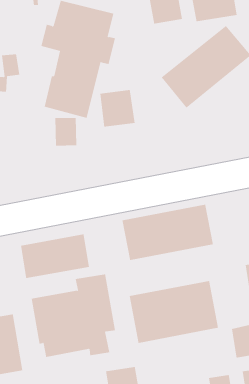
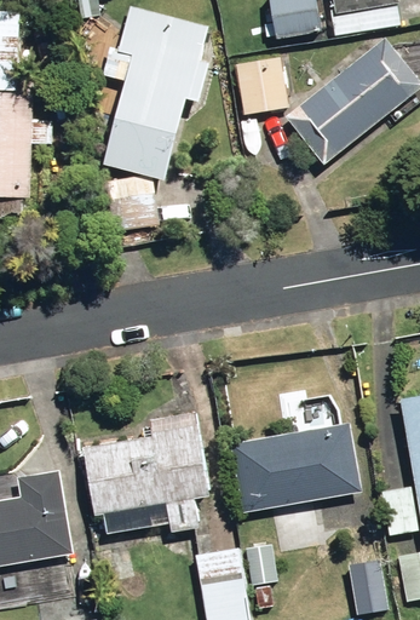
building: [99,90,135,127] -> [225,61,278,116]
building: [122,204,213,261] -> none
building: [20,234,90,279] -> none

